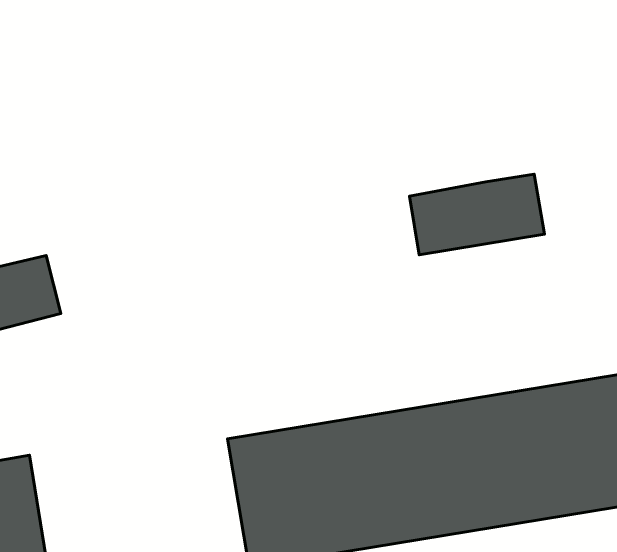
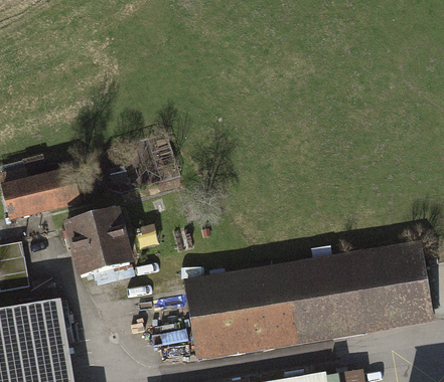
building: [410,174,545,255] -> none
building: none -> [64,214,132,280]

